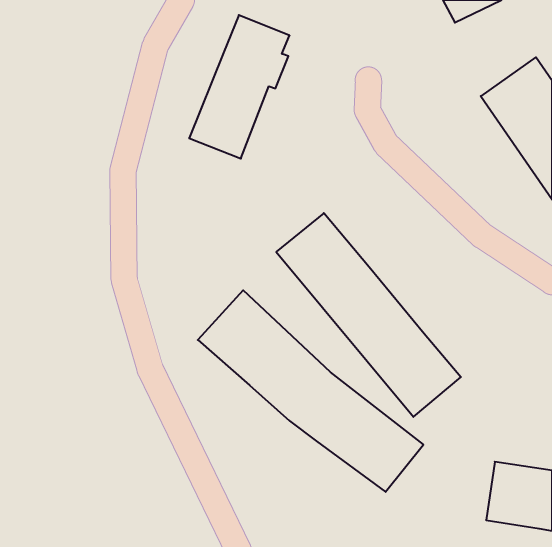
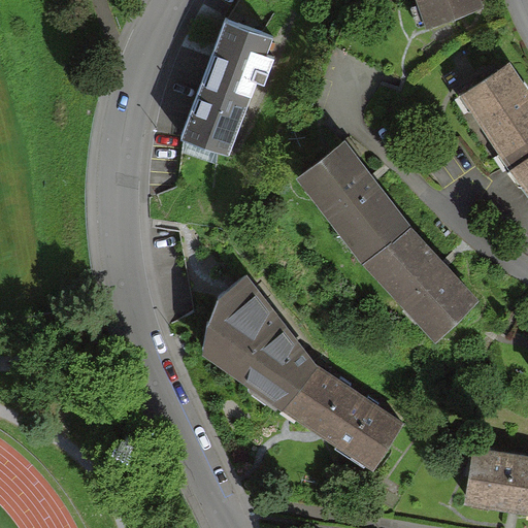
building: [276,213,461,417] -> [298,145,474,340]

